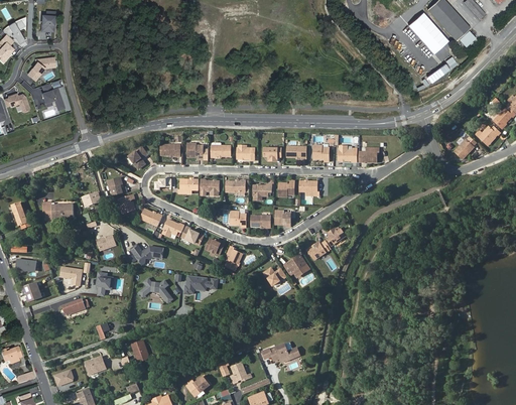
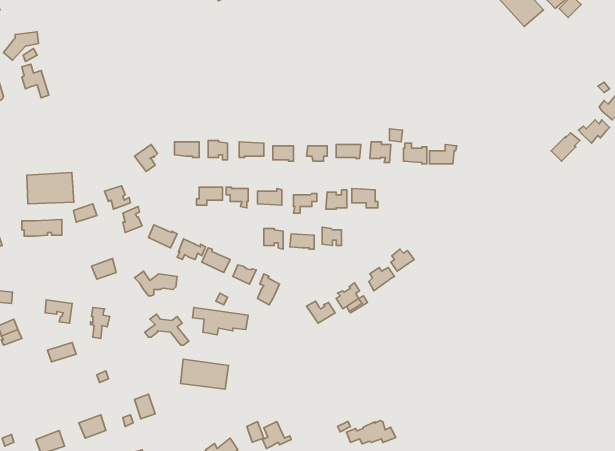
building: none -> [27,173,74,204]
building: none -> [180,359,228,389]
building: [261,343,299,361] -> [346,421,396,444]

